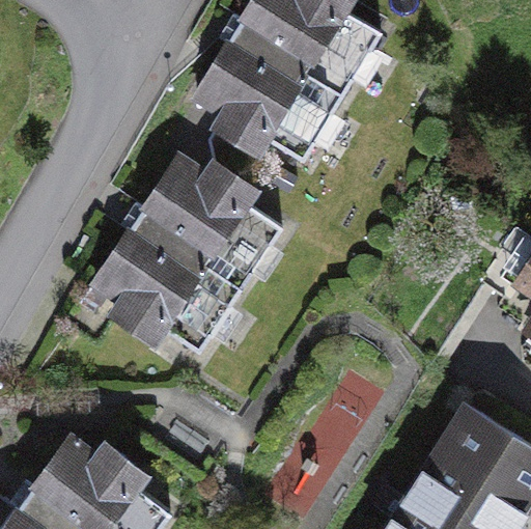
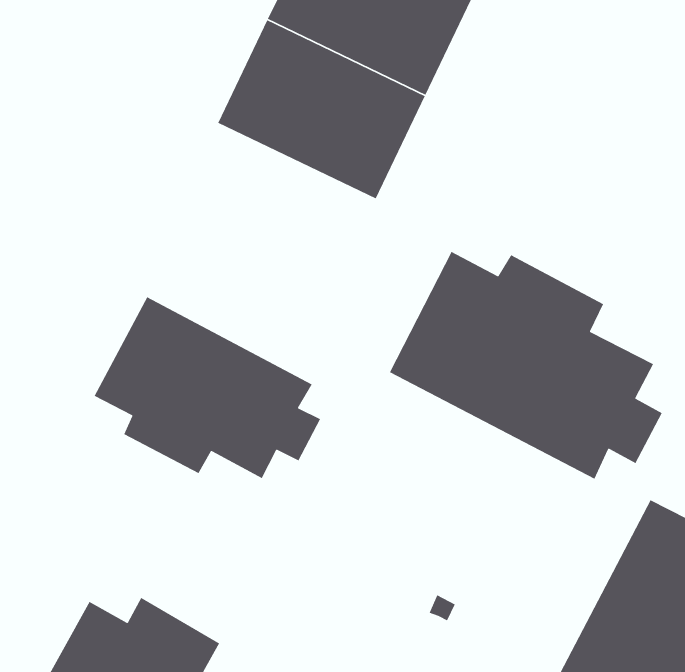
building: [131,152,284,295] -> none
building: none -> [389,251,663,480]

